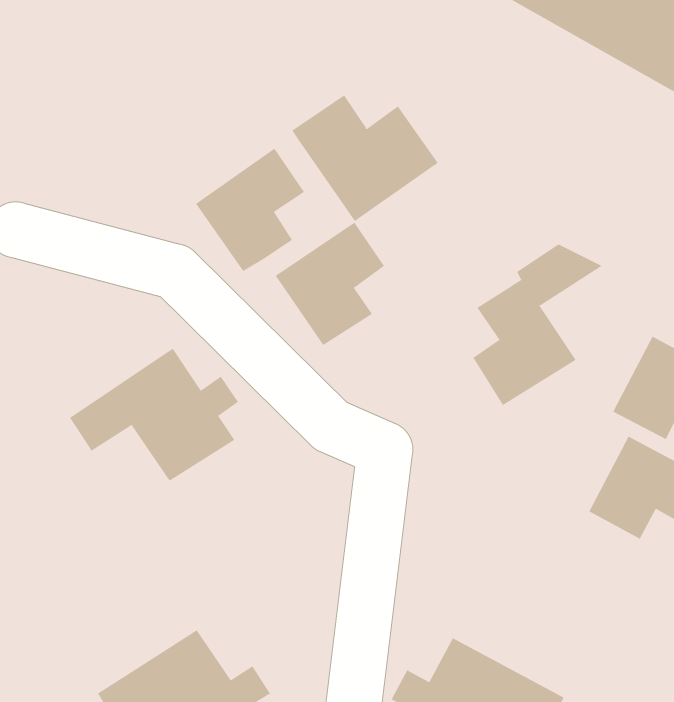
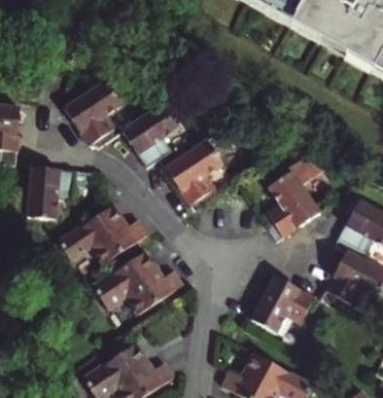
building: [291,94,439,222] -> none
building: none -> [68,79,125,142]
building: none -> [28,162,76,216]
building: none -> [91,251,180,312]
building: none -> [252,275,315,331]

